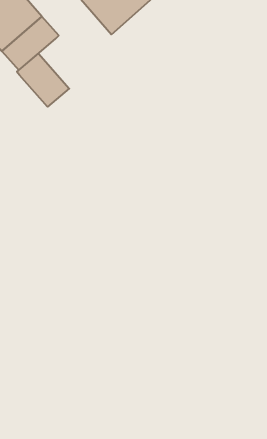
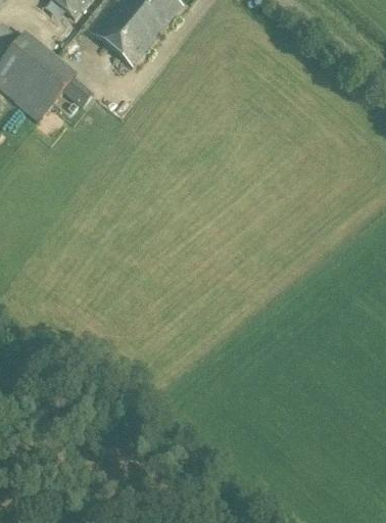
building: [17,53,69,107] -> none

